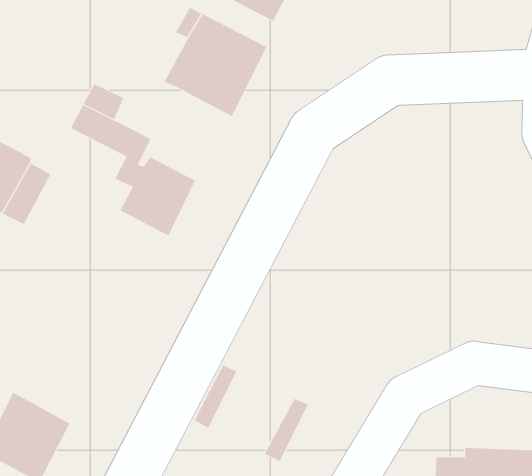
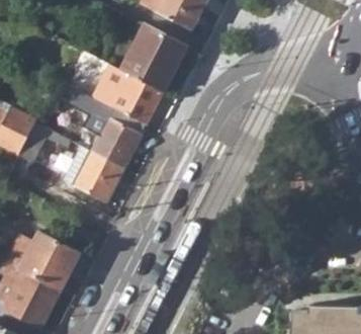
building: none -> [96,66,163,123]
building: none -> [74,152,122,201]
building: none -> [20,230,79,287]

